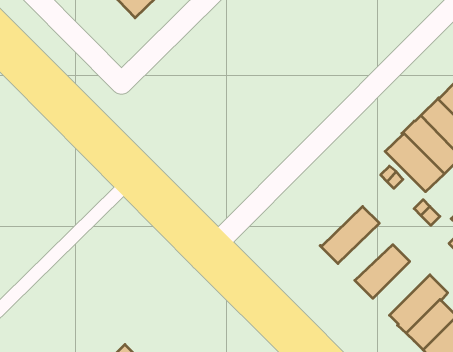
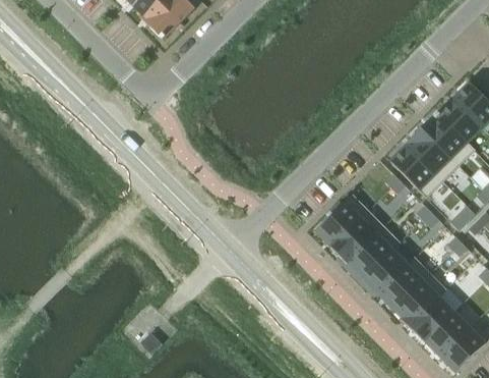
building: none -> [314,194,368,247]
building: none -> [346,225,400,277]
building: none -> [377,256,429,309]

